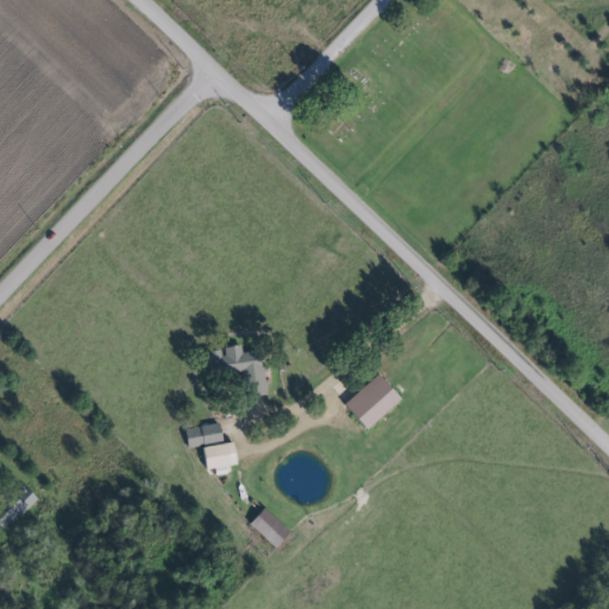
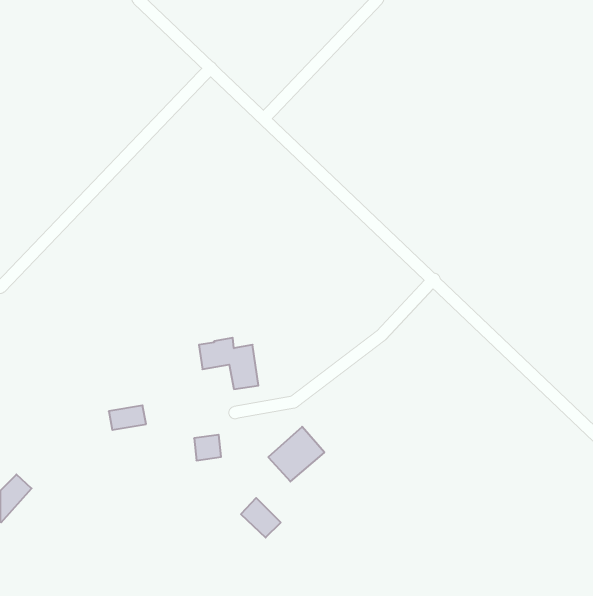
building: [347,373,404,429] -> [268,427,324,482]
building: [186,422,224,447] -> [109,405,146,430]

